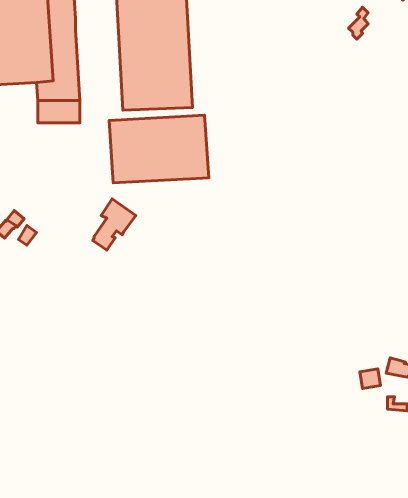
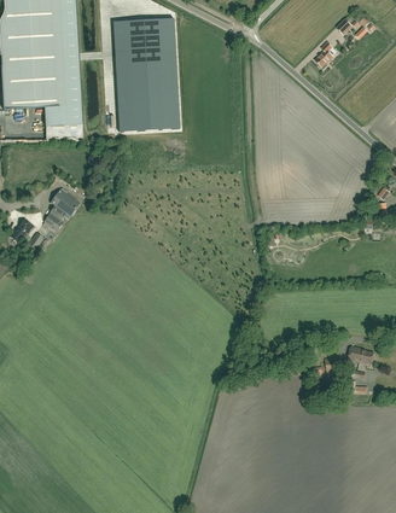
building: [109,115,209,183] -> none
building: [93,199,136,250] -> [43,186,81,231]

